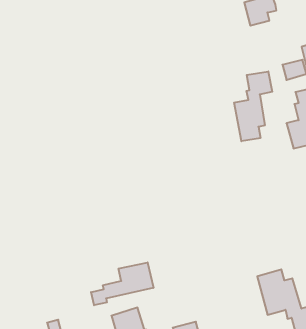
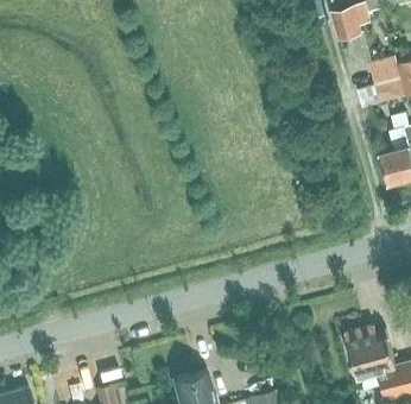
building: [234,71,272,141] -> none
building: [91,262,153,305] -> none

